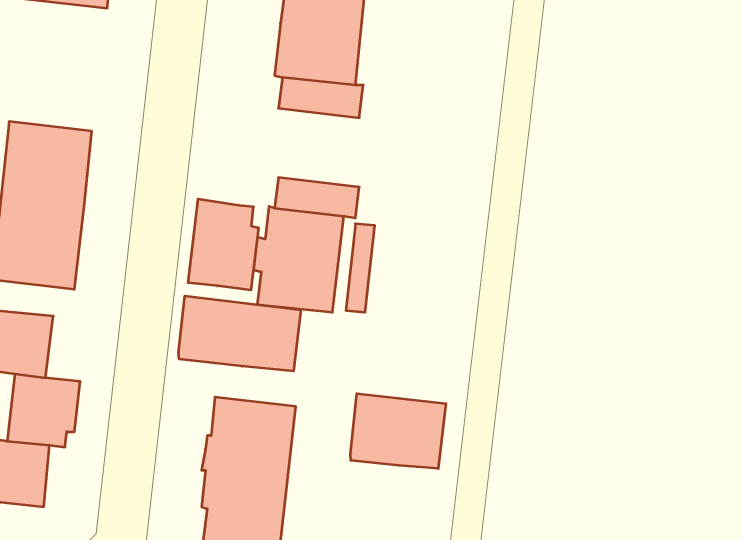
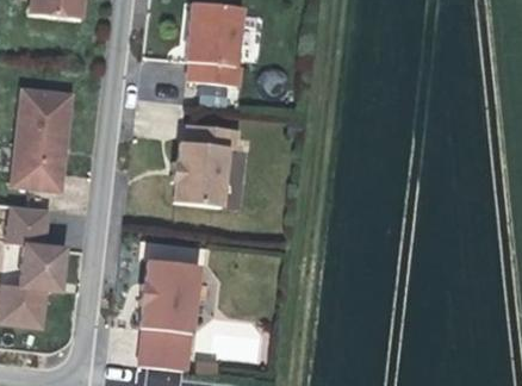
building: [188,199,258,290] -> none
building: [179,296,301,371] -> none
building: [350,394,446,469] -> none

